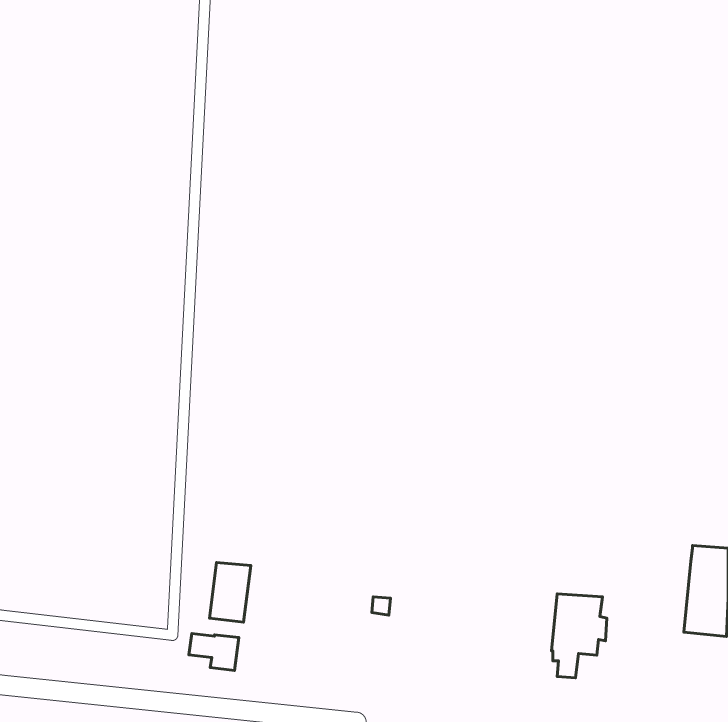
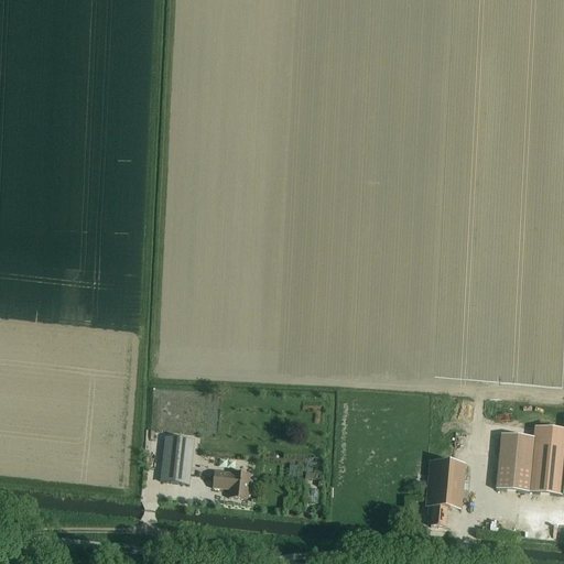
building: none -> [497,431,534,489]
building: [189,633,239,670] -> [213,468,251,497]

